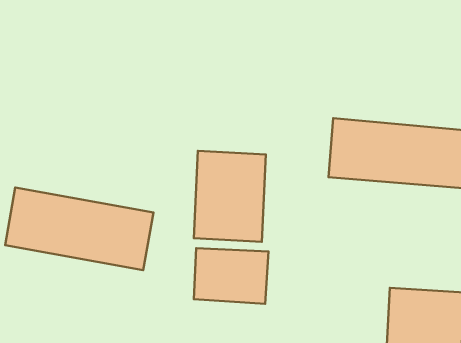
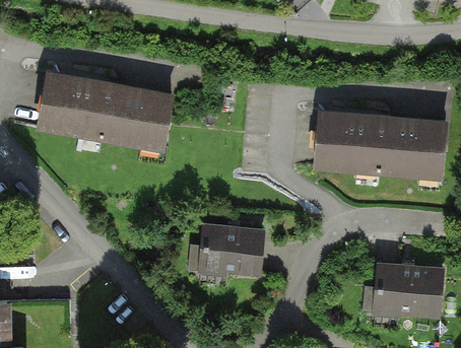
building: [194,151,266,242] -> none
building: [5,187,153,270] -> [41,72,174,146]

